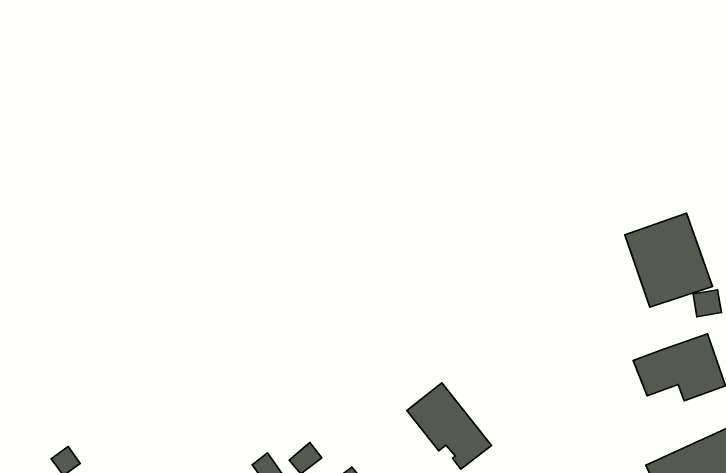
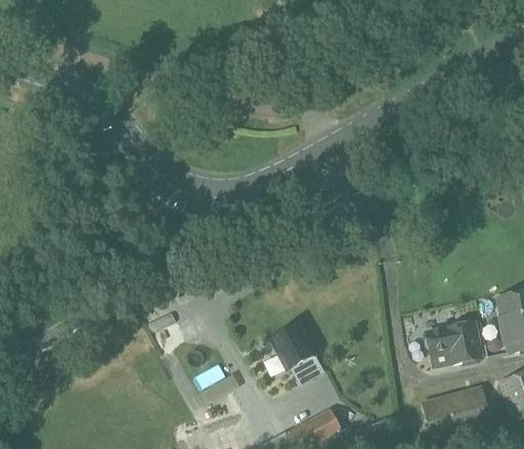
building: [625,213,712,307] -> none

